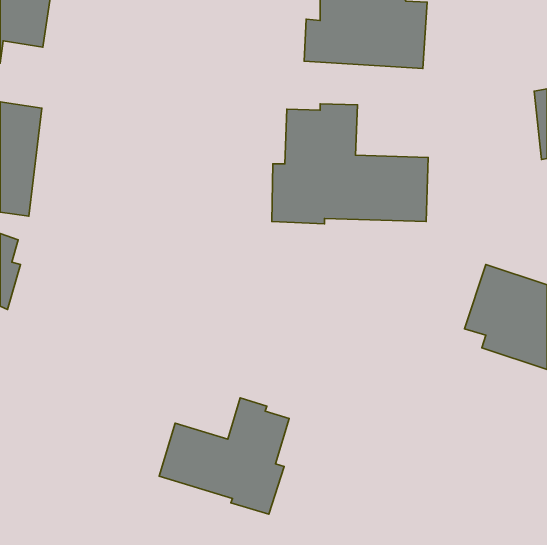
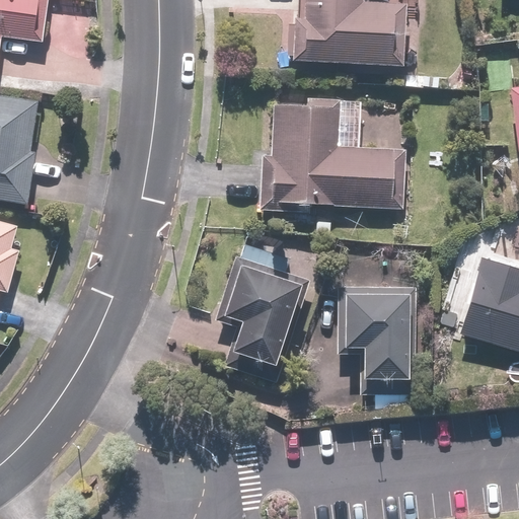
building: none -> [214,254,310,381]
building: none -> [336,285,414,391]
building: [159,398,289,514] -> none

